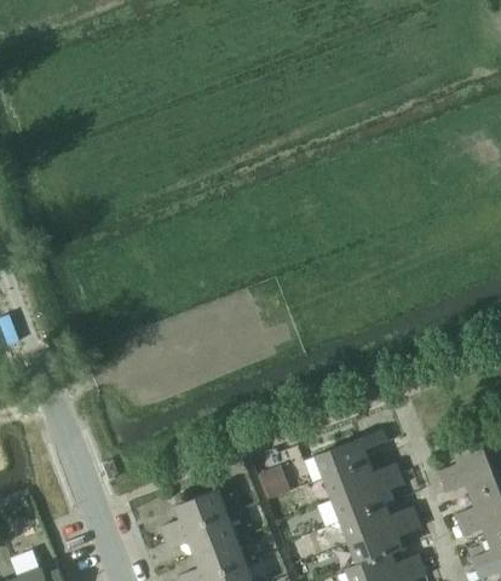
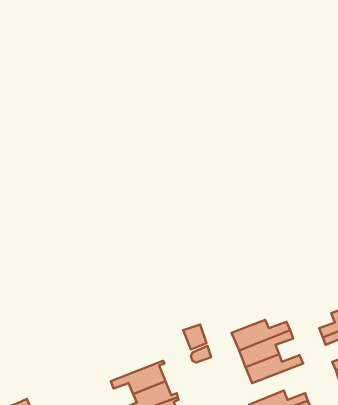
building: [315,430,386,478] -> none
building: [161,490,234,541] -> none
building: [350,518,420,566] -> none

